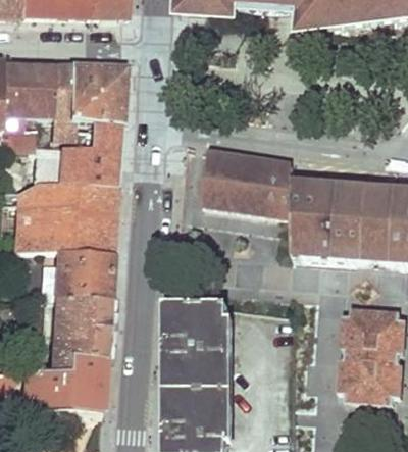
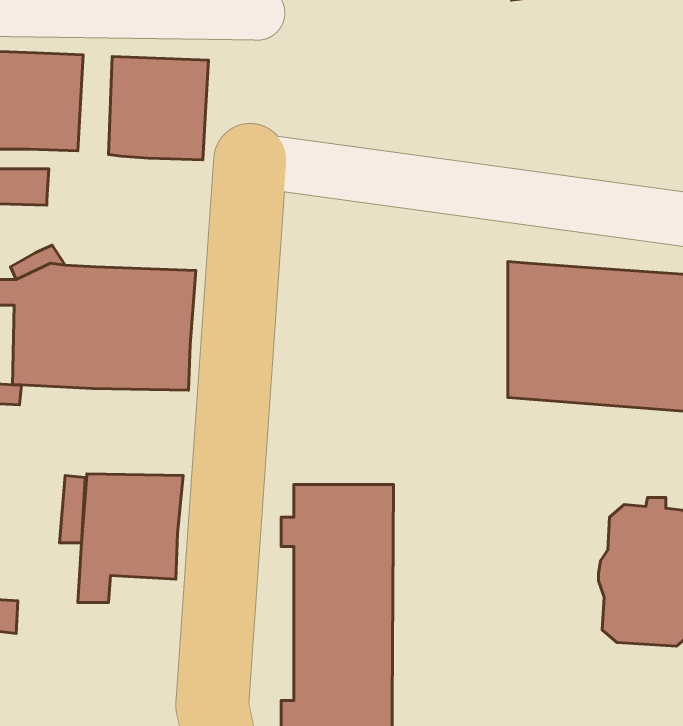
building: [52,61,76,137] -> none
building: [48,119,122,183] -> none
building: [203,148,294,264] -> none
building: [57,249,114,298] -> none
building: [24,354,107,412] -> none

